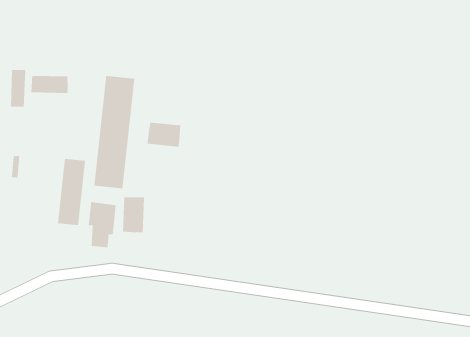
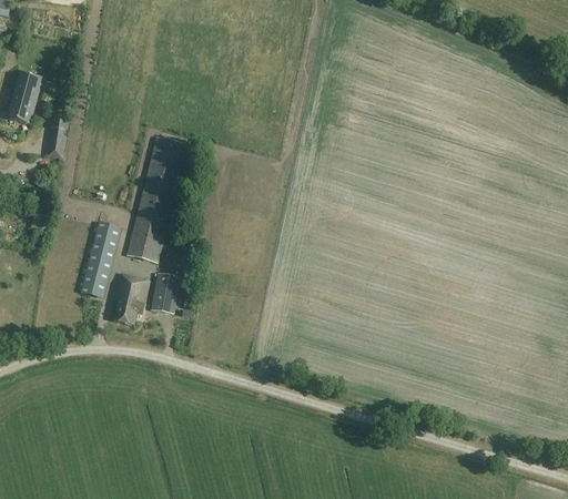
building: [31,75,68,94] -> none
building: [147,122,181,147] -> none

